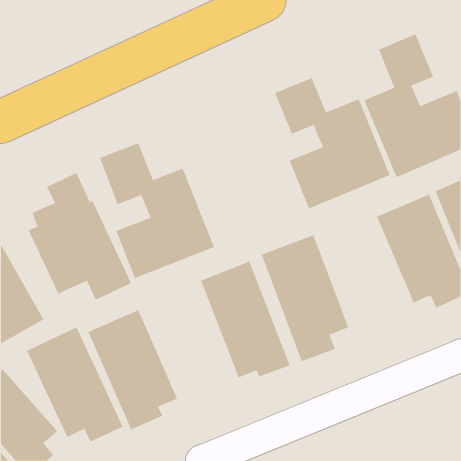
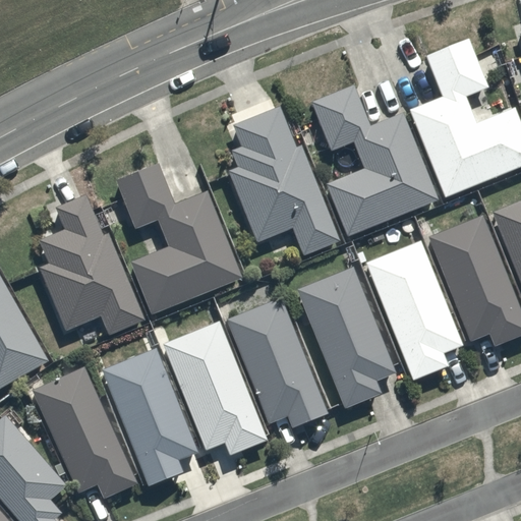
building: none -> [225,109,343,254]
building: none -> [362,237,466,382]
building: none -> [160,315,269,455]

